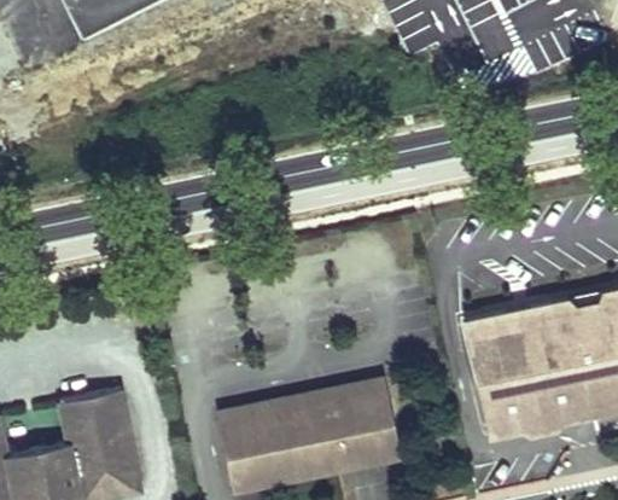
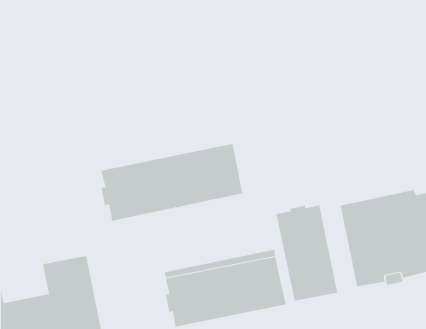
building: none -> [101,143,243,221]
building: none -> [276,204,338,302]

